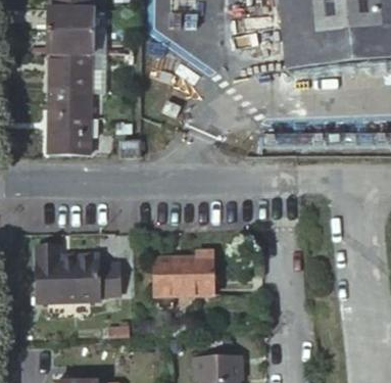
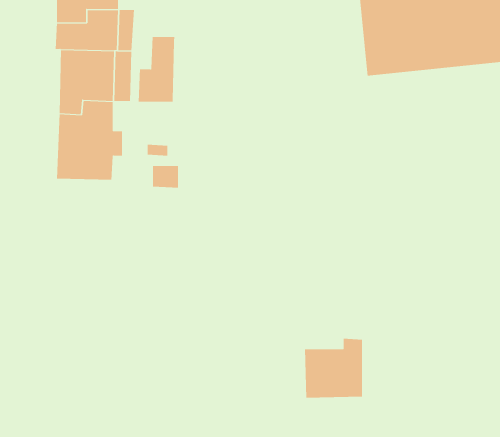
building: none -> [138,36,175,103]
building: [168,249,213,295] -> [304,338,363,398]
building: [37,252,120,300] -> none

